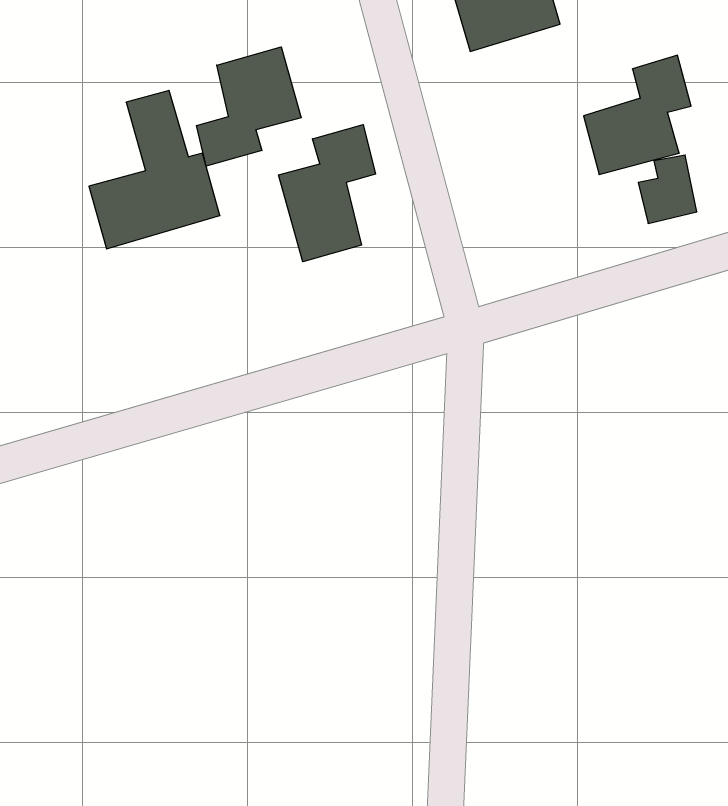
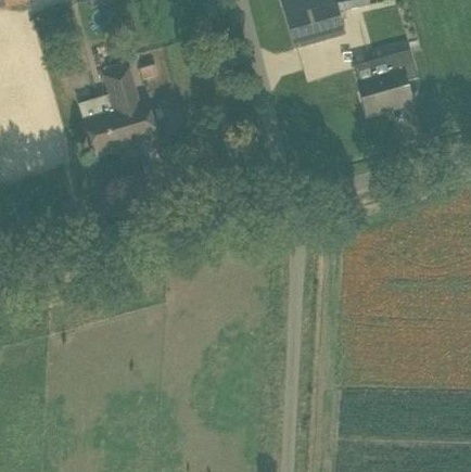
building: [196,47,301,166] -> none
building: [279,125,376,262] -> none

